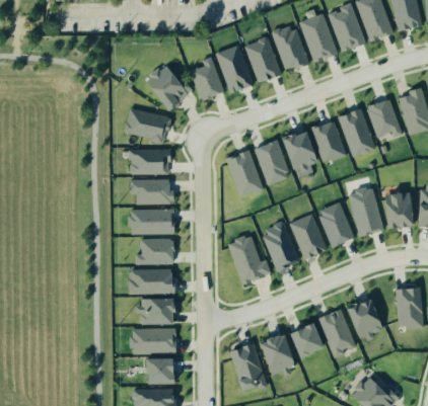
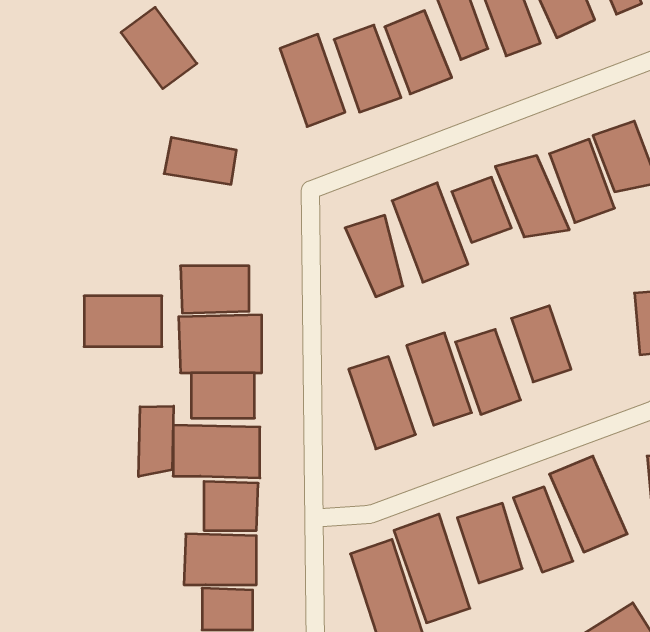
building: [149,63,192,108] -> [121,7,197,89]
building: [128,149,171,177] -> [84,296,162,347]
building: [346,186,381,236] -> none
building: none -> [139,406,174,477]

